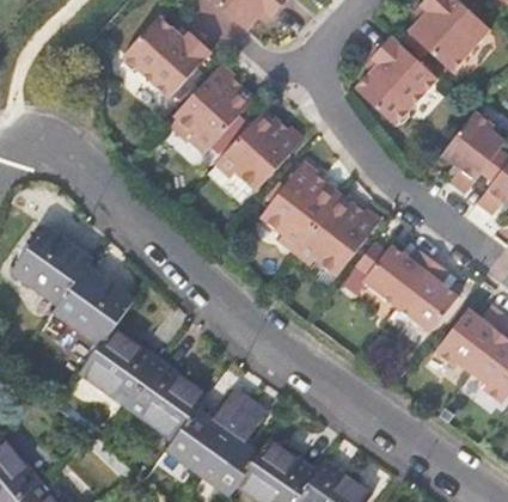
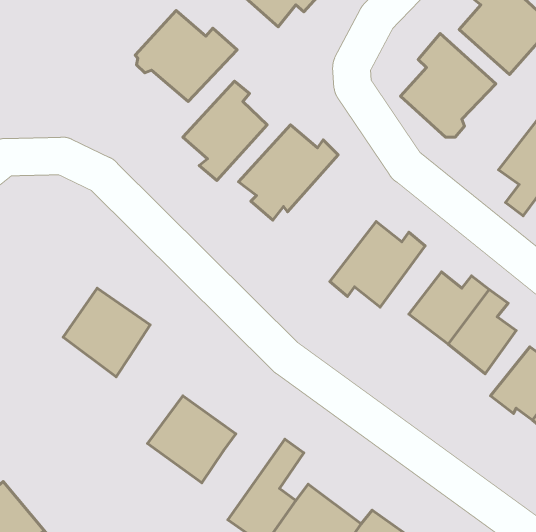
building: [258,165,332,255] -> none
building: [18,219,93,295] -> none
building: [85,320,163,397] -> none
building: [171,381,252,464] -> none

